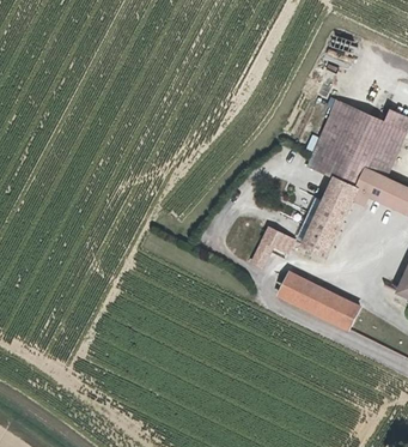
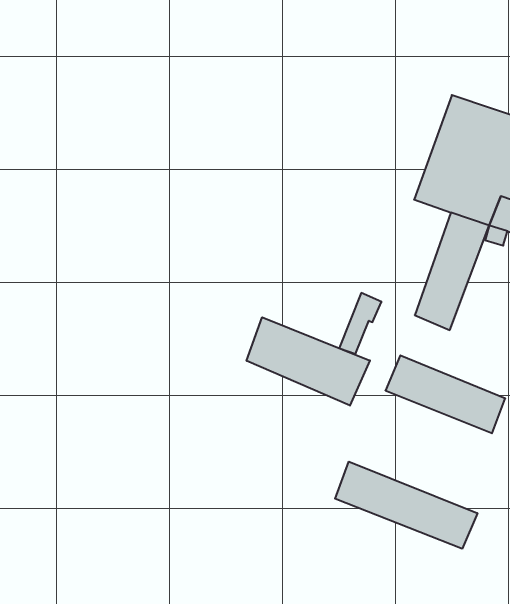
building: none -> [247,317,370,406]
building: none -> [335,462,477,549]

